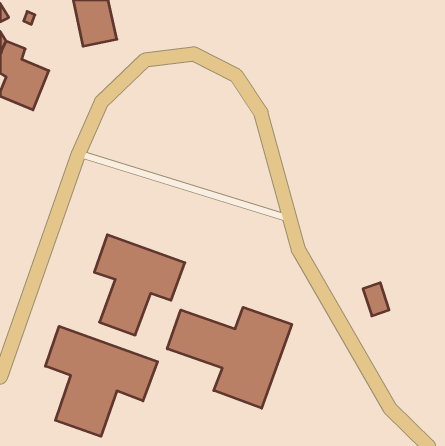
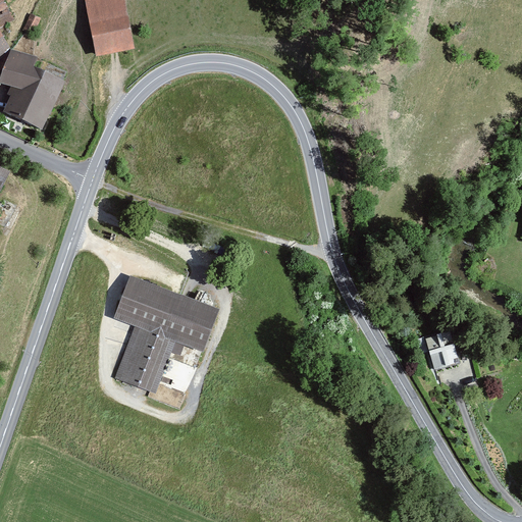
building: [167,307,292,408] -> none
building: [45,326,158,436] -> none

